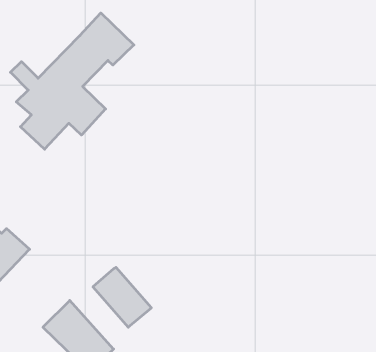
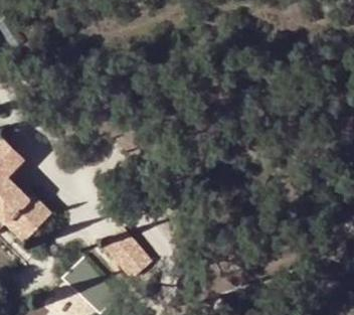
building: [10,13,134,149] -> none

